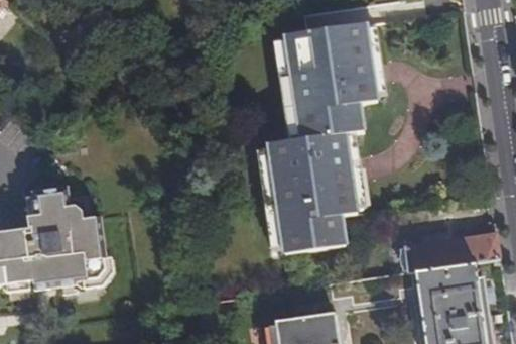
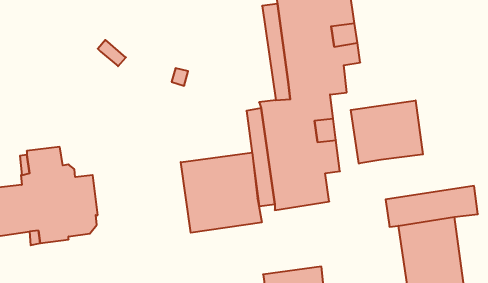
building: none -> [351,100,423,164]
building: none -> [181,153,262,233]

